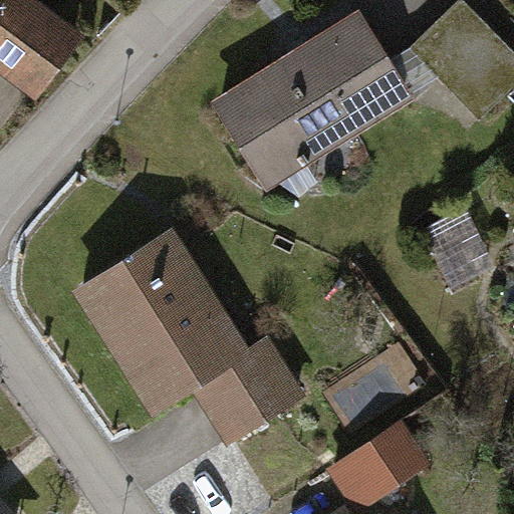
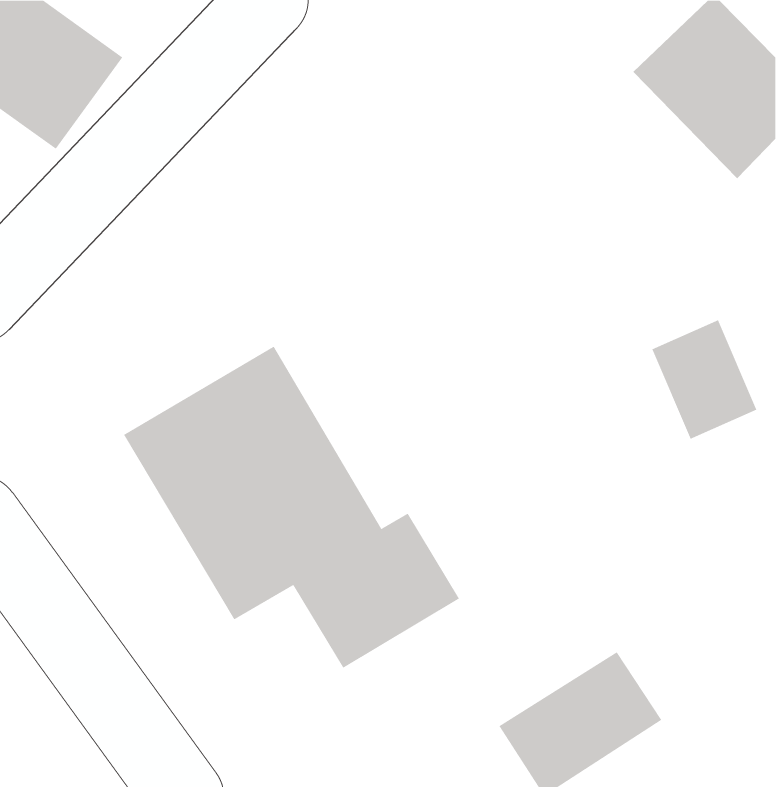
building: [214,17,401,181] -> none

